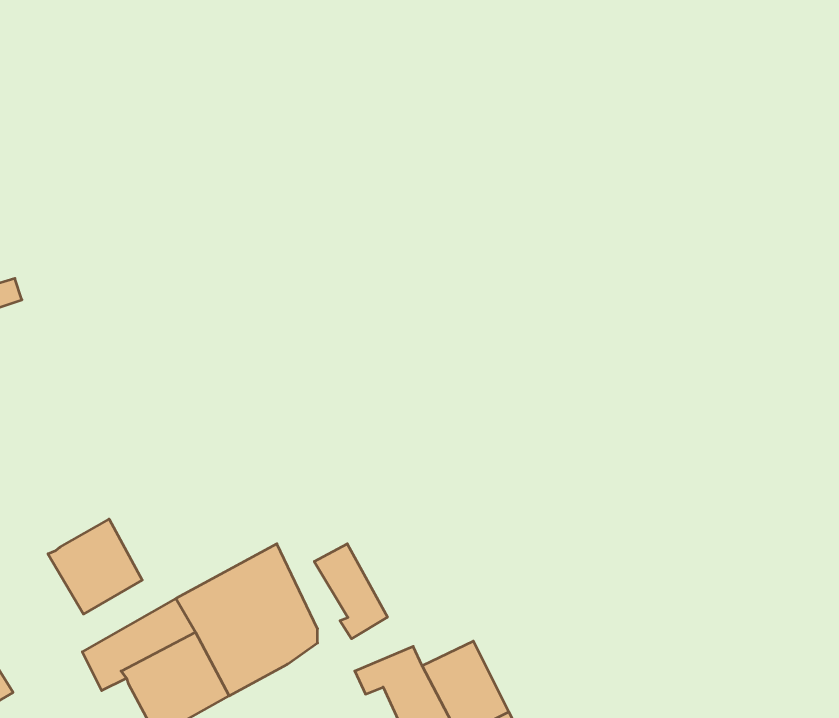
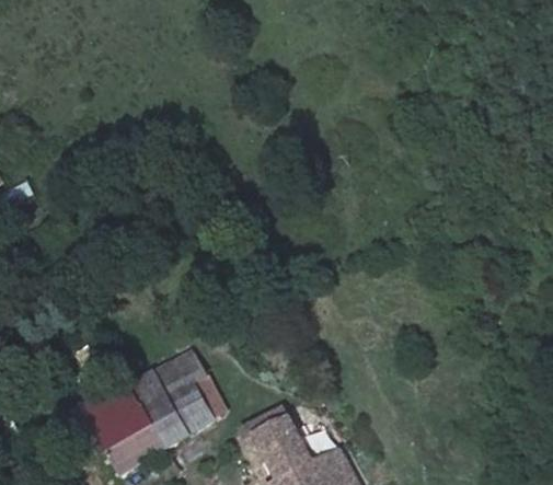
building: [48,519,142,614] -> none
building: [314,544,387,639] -> none

